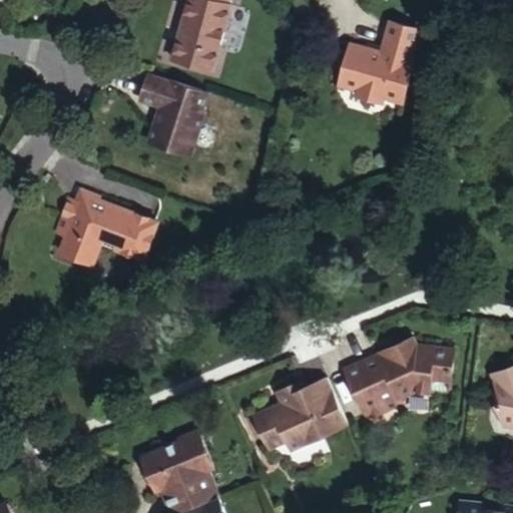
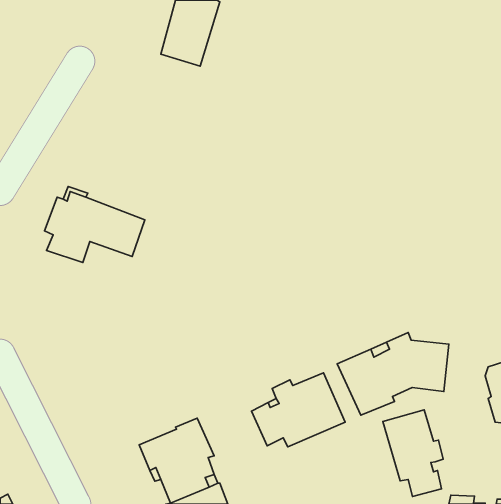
building: [335,17,418,98] -> none
building: [132,69,201,155] -> none
building: none -> [383,410,443,496]

